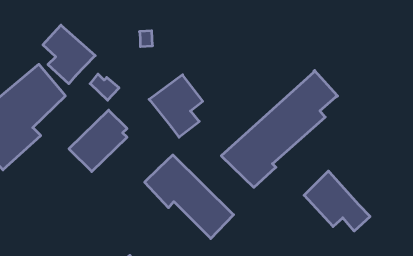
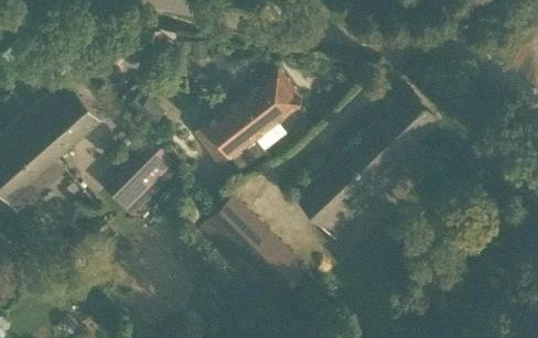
building: [43,25,95,84] -> none
building: none -> [247,69,303,129]
building: [304,171,370,231] -> none

